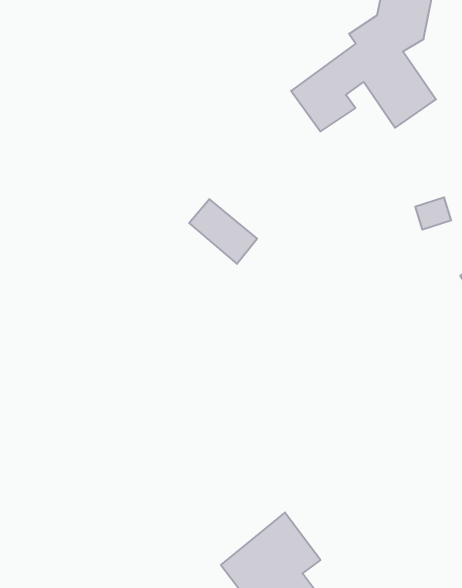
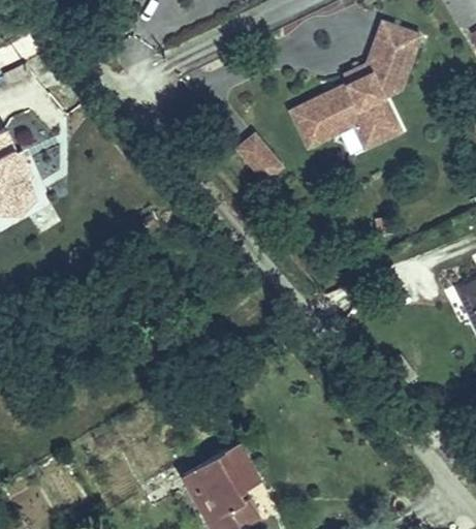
building: [189,199,257,264] -> [236,132,288,186]

